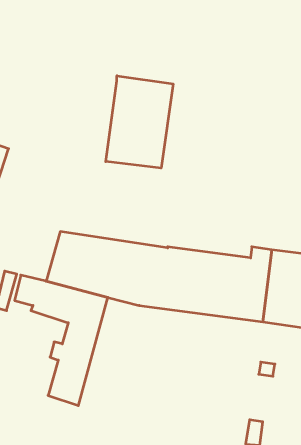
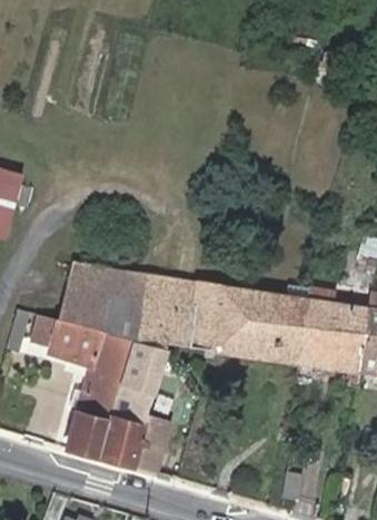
building: [106,76,173,168] -> none
building: none -> [100,339,179,473]

